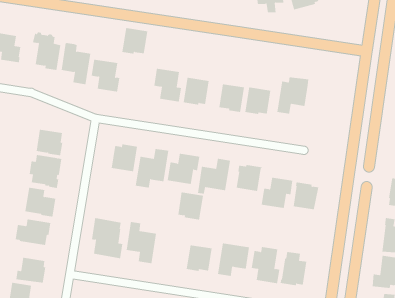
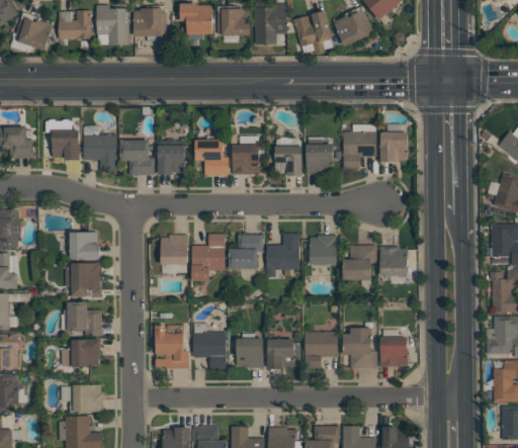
building: [121,28,148,54] -> [158,146,185,175]
building: none -> [380,132,408,163]
building: [177,192,204,220] -> [237,339,264,368]

